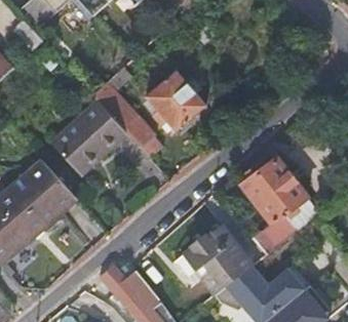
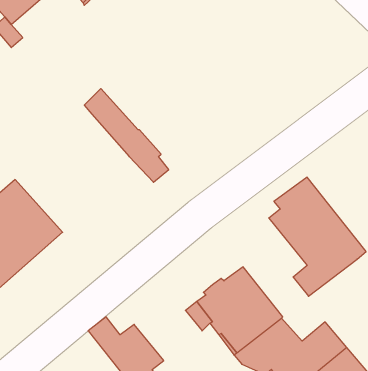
building: [145,72,206,132] -> none
building: [53,104,129,177] -> none

